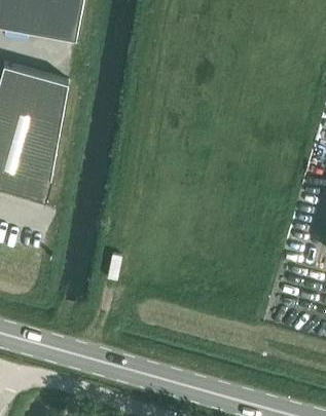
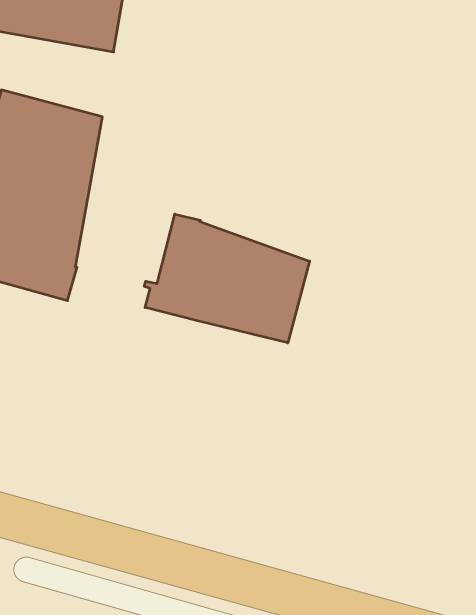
building: none -> [144,214,310,343]

